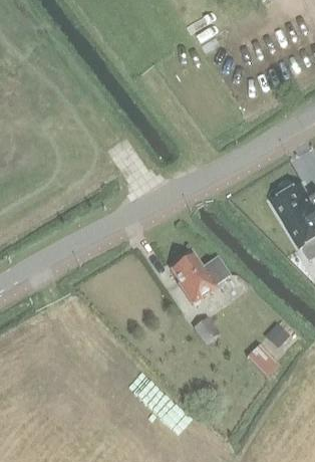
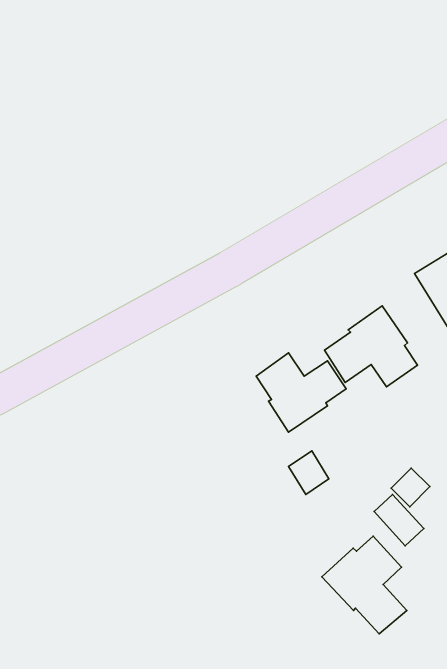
building: none -> [324,306,418,387]
building: none -> [322,536,407,634]

